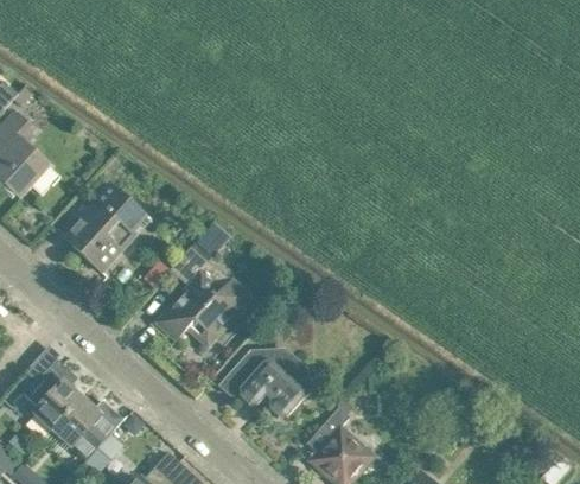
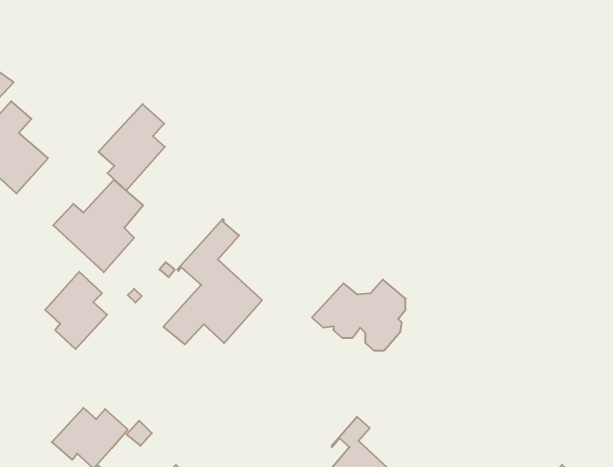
building: none -> [98,104,165,190]
building: [219,350,307,416] -> [312,279,406,350]
building: [24,358,82,431] -> [45,272,107,349]

